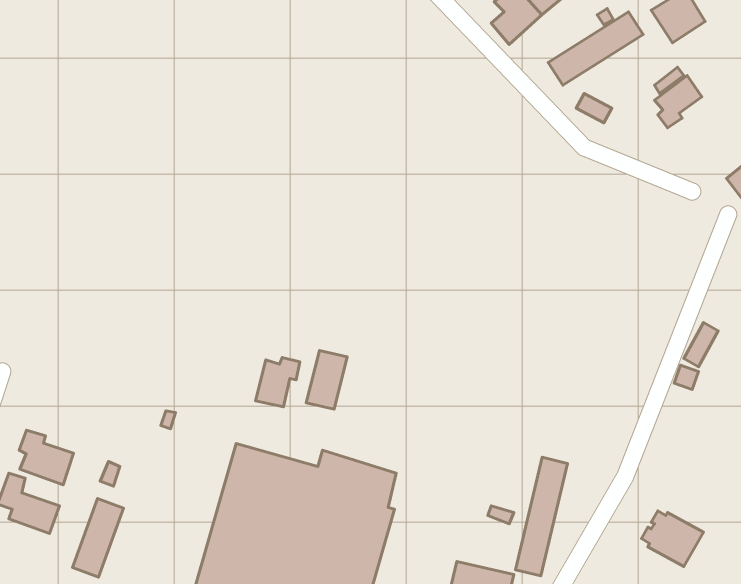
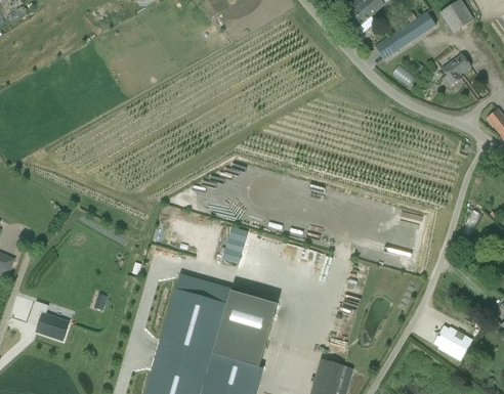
building: [256,357,300,407] -> none
building: [19,430,74,485] -> none
building: [516,457,567,576] -> none
building: [73,499,123,577] -> none

